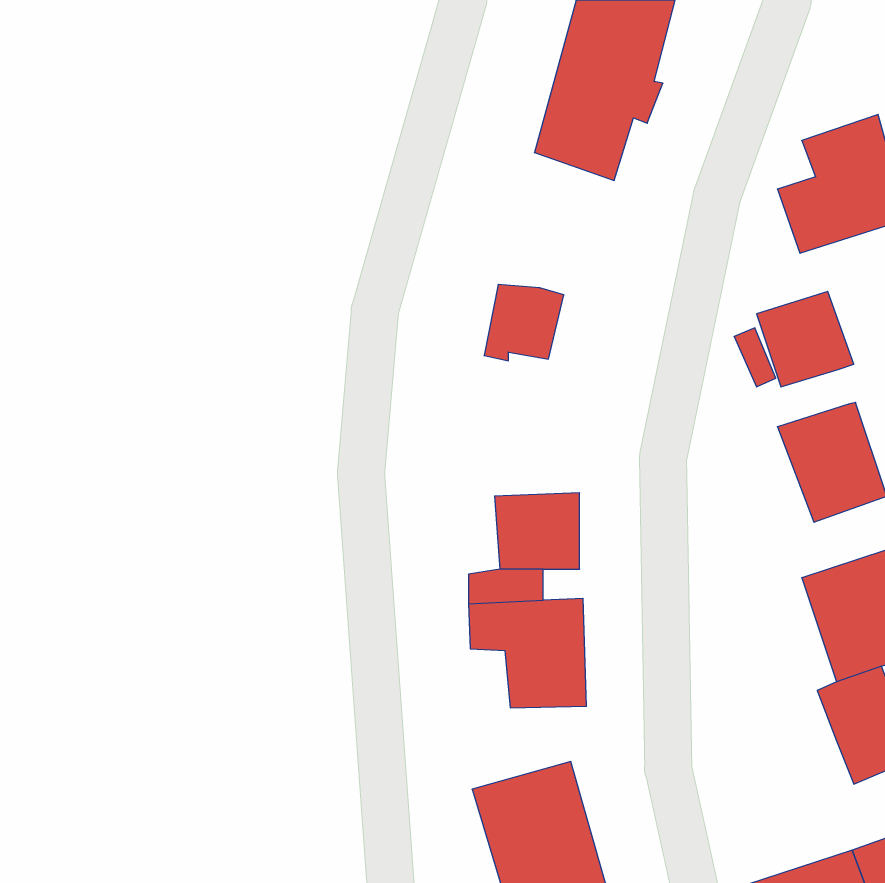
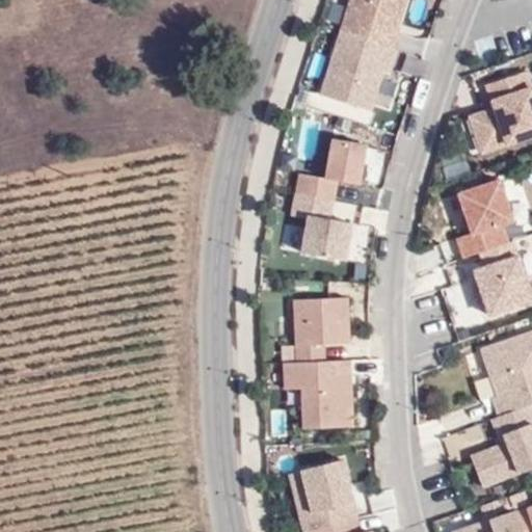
building: none -> [324,137,366,183]
building: none -> [298,213,350,259]
building: none -> [455,223,509,260]
building: none -> [469,446,515,488]

